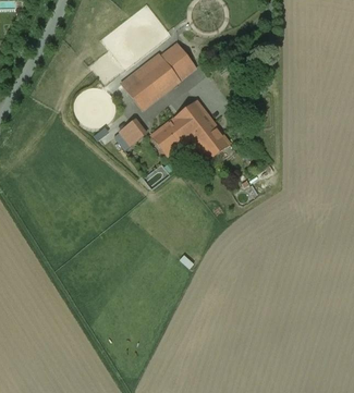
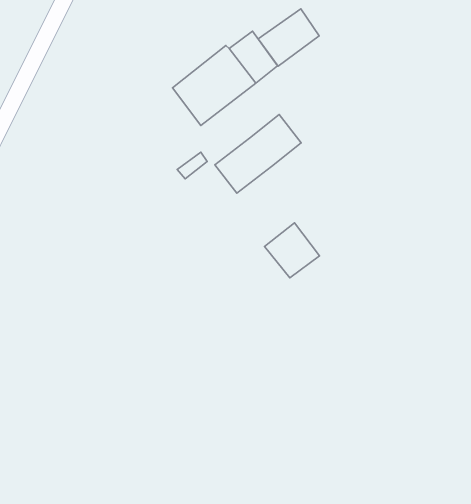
building: none -> [258,9,319,66]
building: [191,121,229,159] -> [265,223,319,278]

